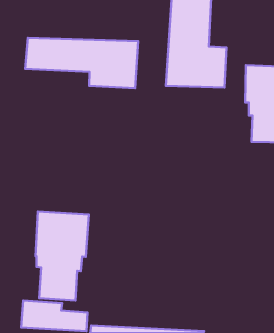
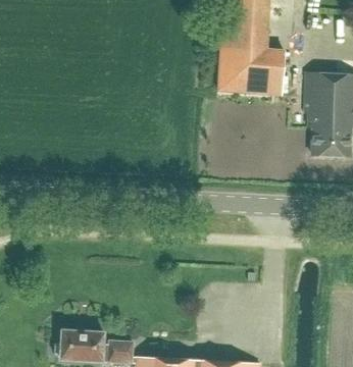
building: [25,38,138,88] -> none
building: [36,212,89,301] -> none

